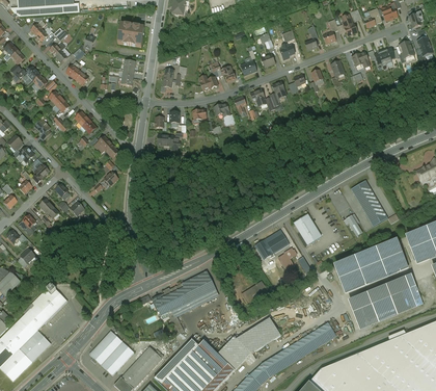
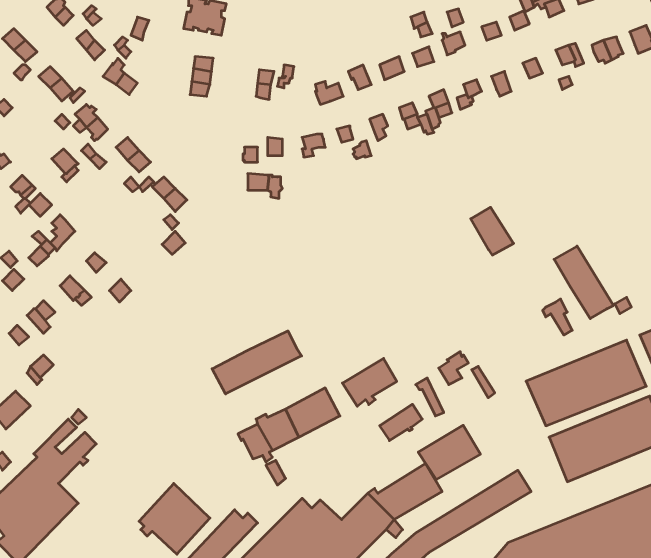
building: [294,214,321,244] -> [471,207,514,255]
building: [254,229,289,259] -> [342,358,397,406]
building: none -> [212,331,302,394]
building: none -> [418,425,480,480]

